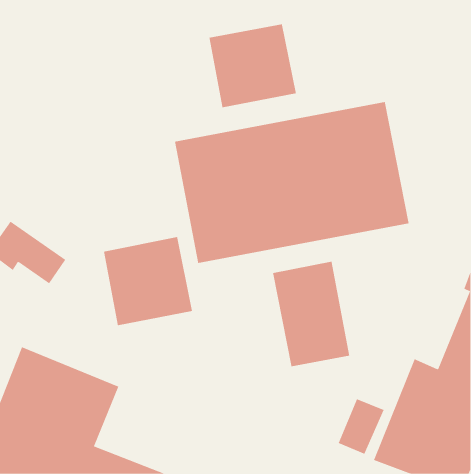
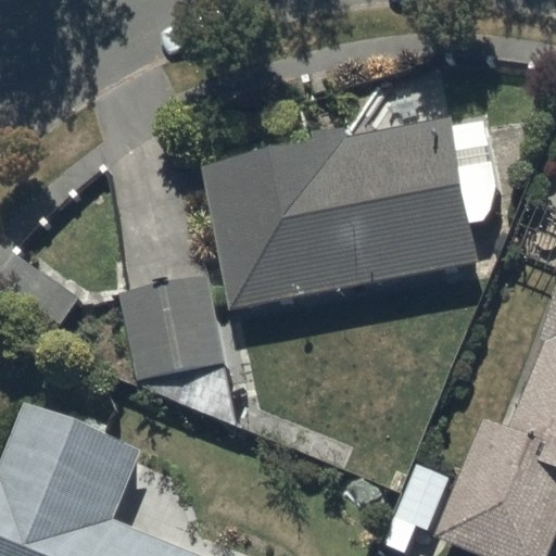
building: [209,23,296,108] -> none
building: [272,261,350,367] -> none

